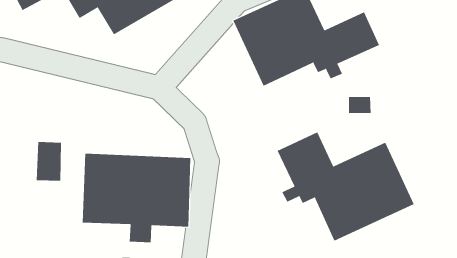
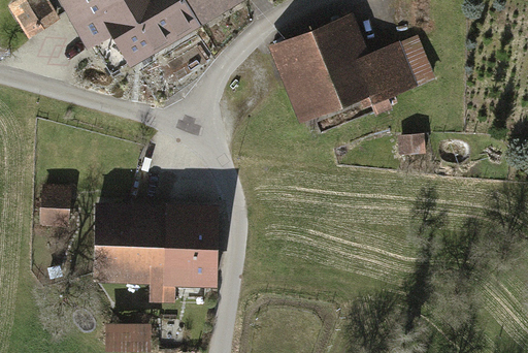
building: [277,131,415,242] -> none

